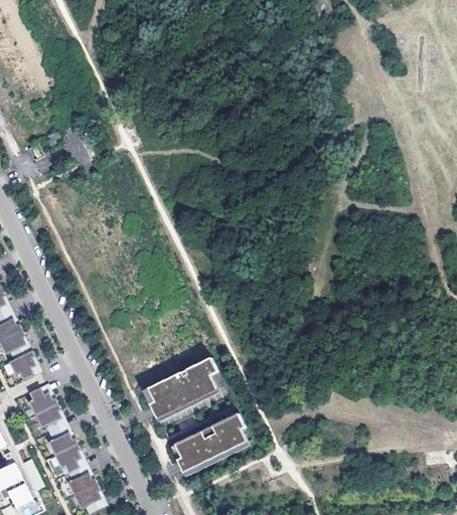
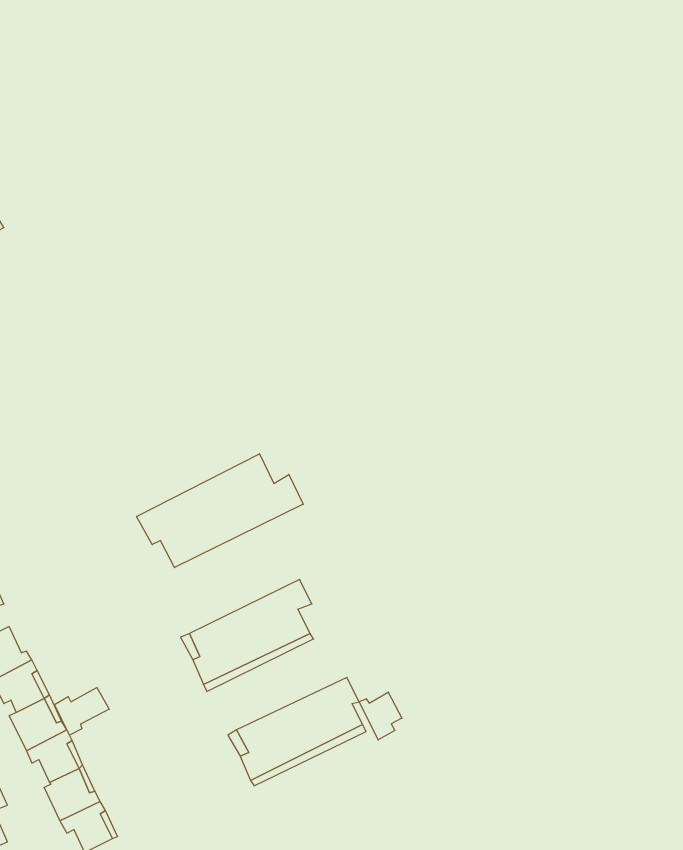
building: none -> [137,454,303,568]
building: none -> [55,688,109,735]
building: none -> [359,692,402,740]

